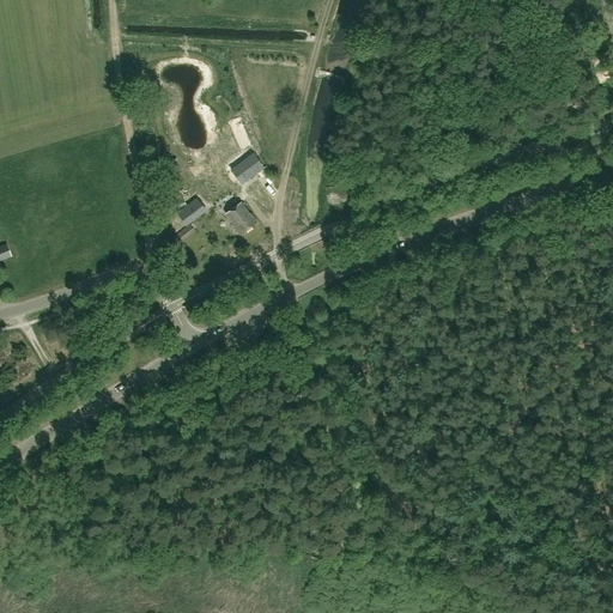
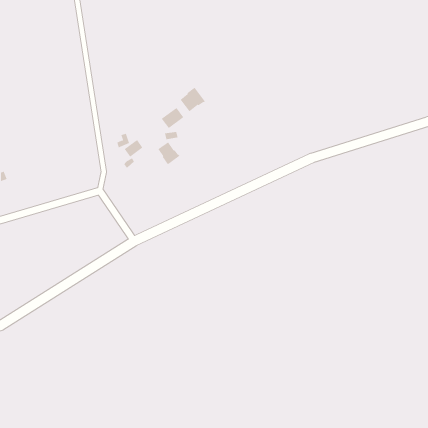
building: none -> [180,87,206,112]

